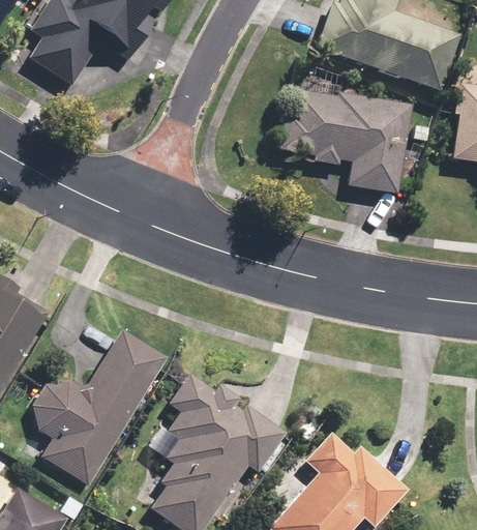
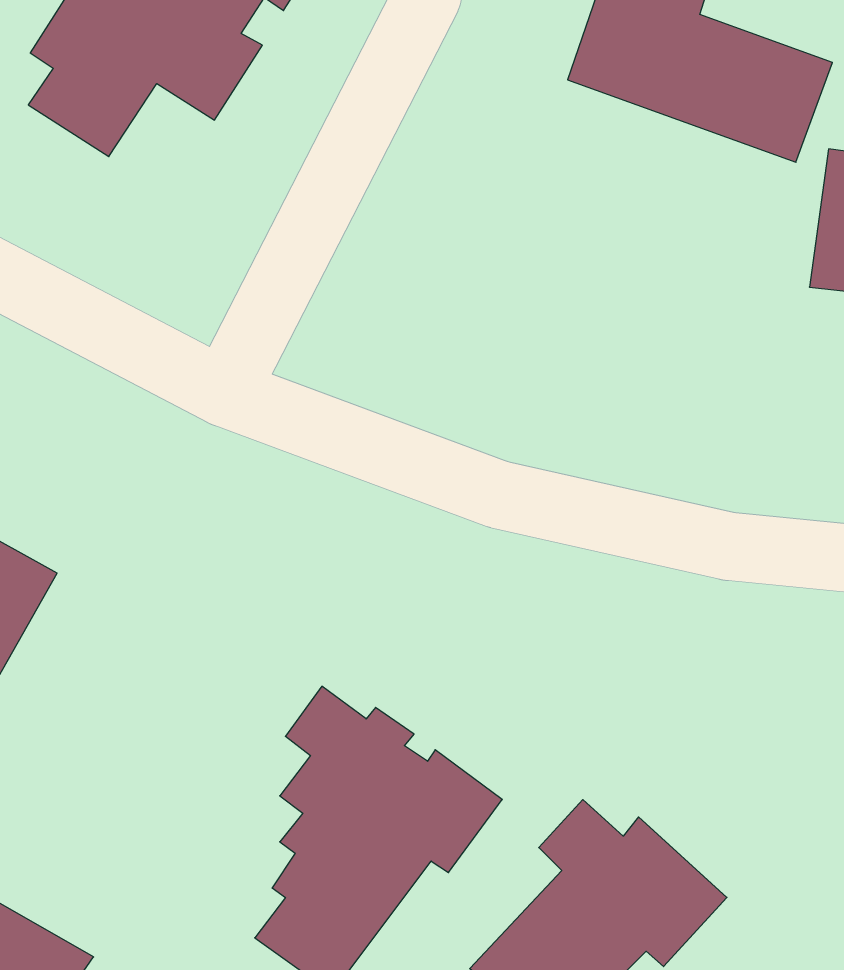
building: [279,80,408,193] -> none
building: [32,328,167,483] -> none

